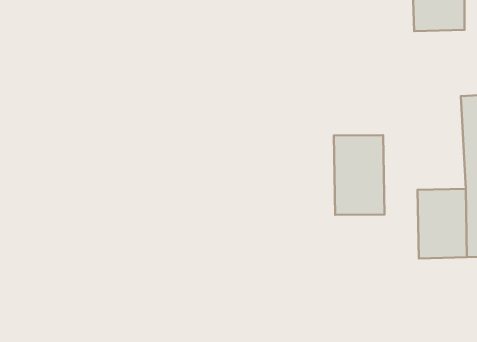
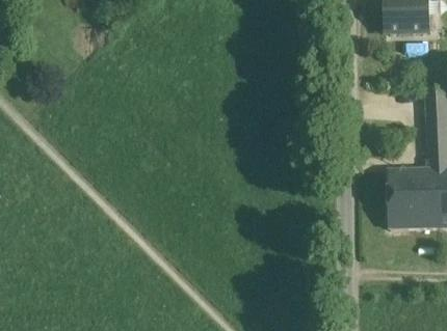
building: [334,135,385,215] -> none

